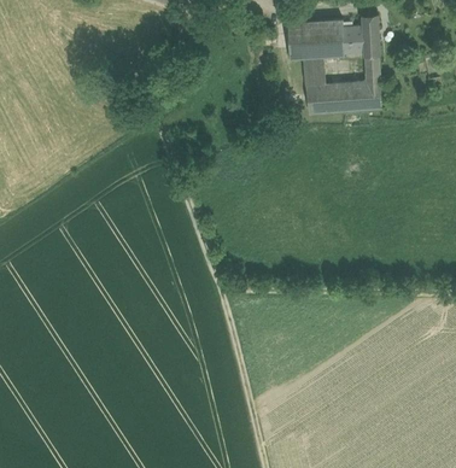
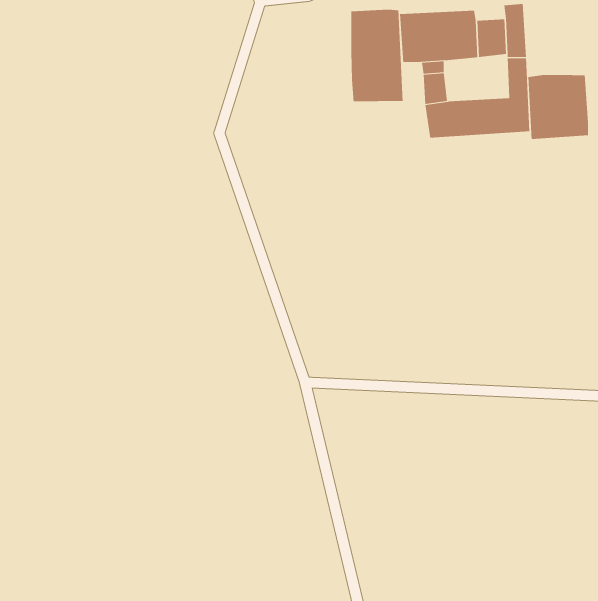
building: none -> [351,9,403,102]
building: none -> [528,74,588,140]

